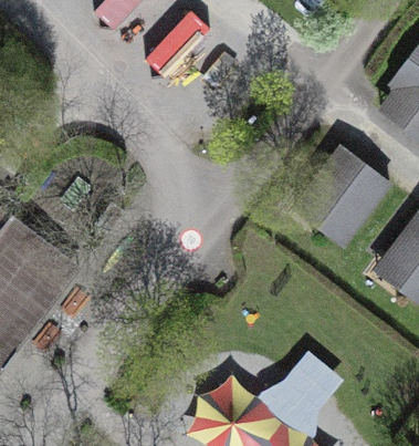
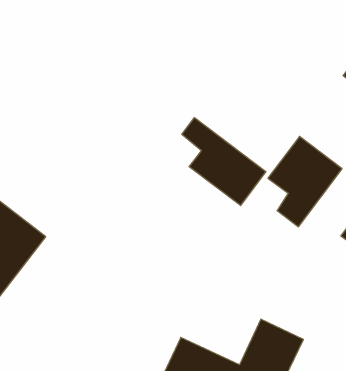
building: none -> [182,118,266,206]

